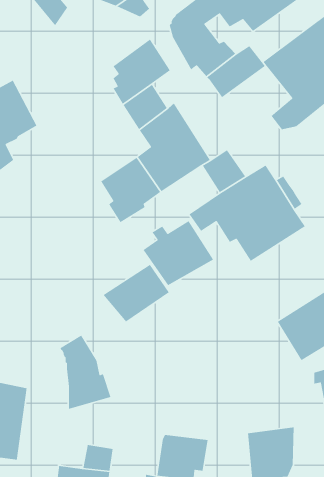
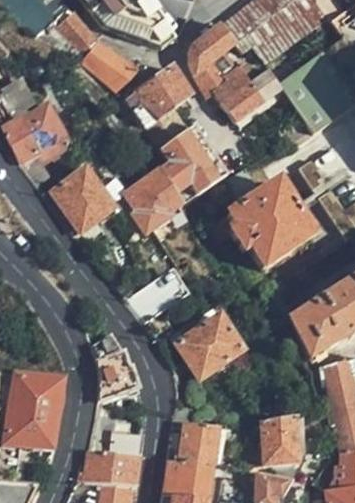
building: none -> [82,37,139,88]
building: none -> [51,171,109,231]
building: [143,220,214,286] -> [174,318,239,378]

